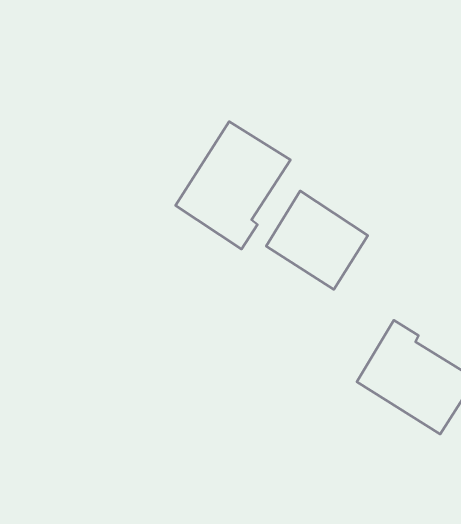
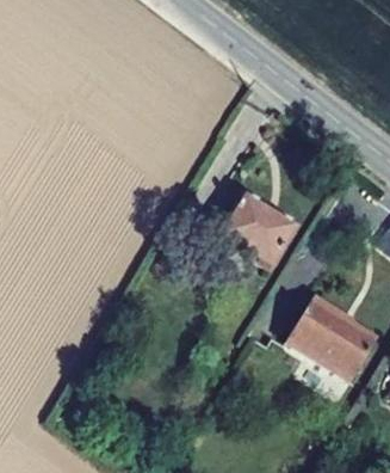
building: [176,121,290,249] -> none

